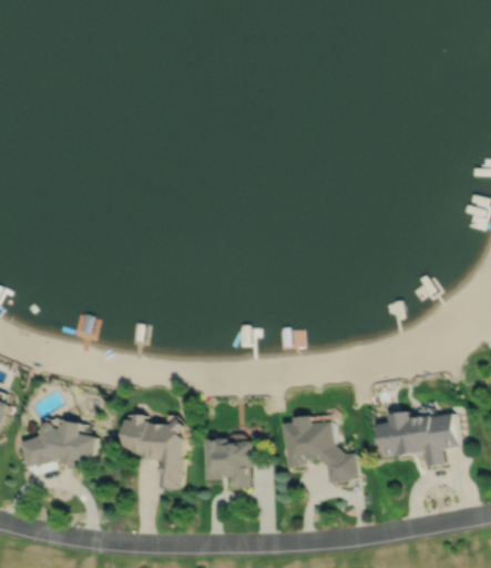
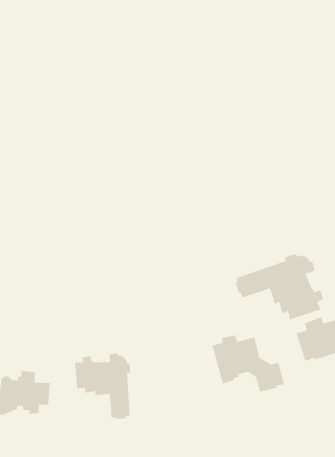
building: none -> [235,254,324,320]
building: [205,437,256,487] -> none

